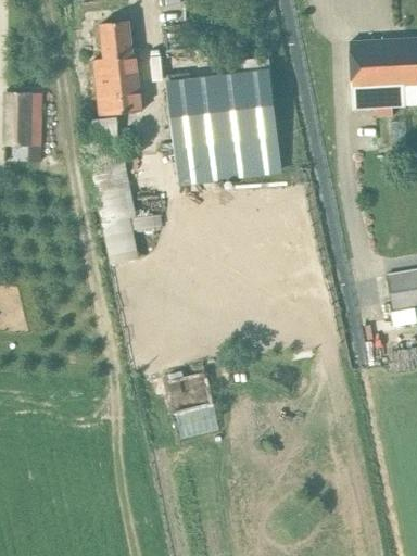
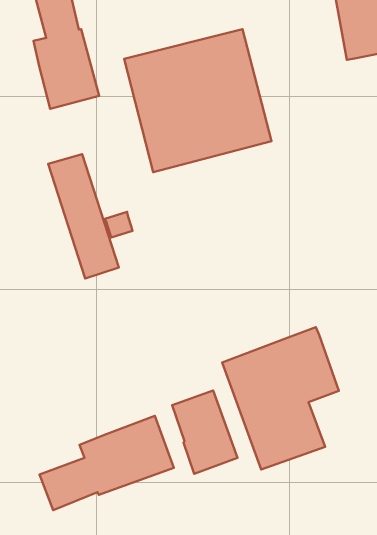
building: none -> [222,327,339,470]
building: none -> [40,416,174,510]

